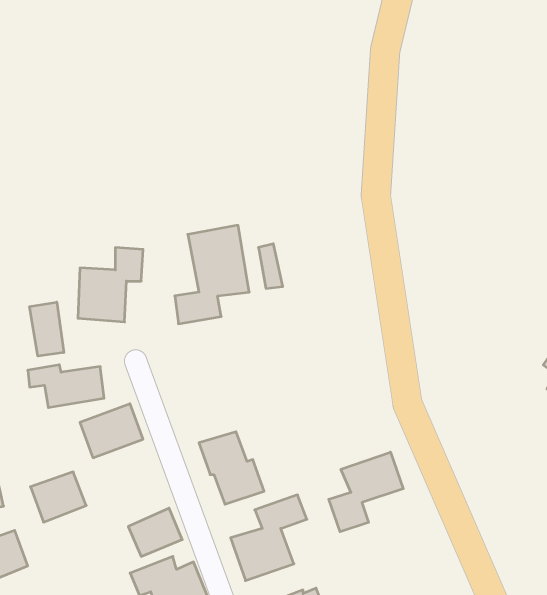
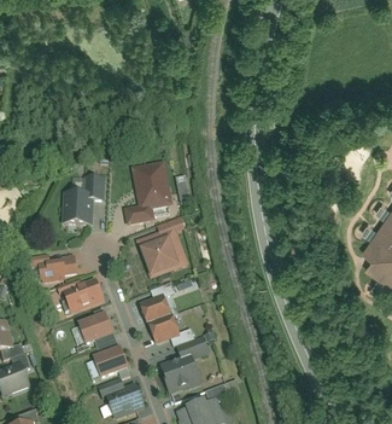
building: [30,302,64,356] -> none
building: none -> [138,220,189,280]
building: [329,452,403,532] -> none
building: [30,472,86,522] -> [78,314,115,347]

